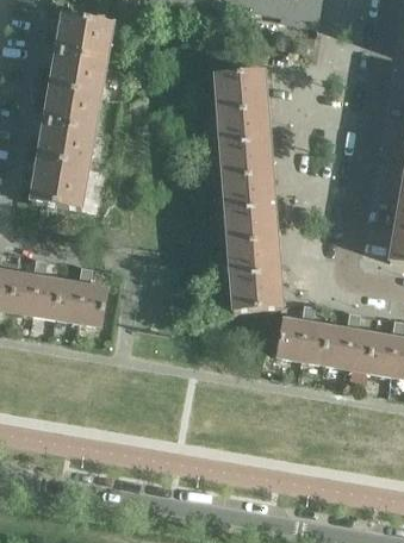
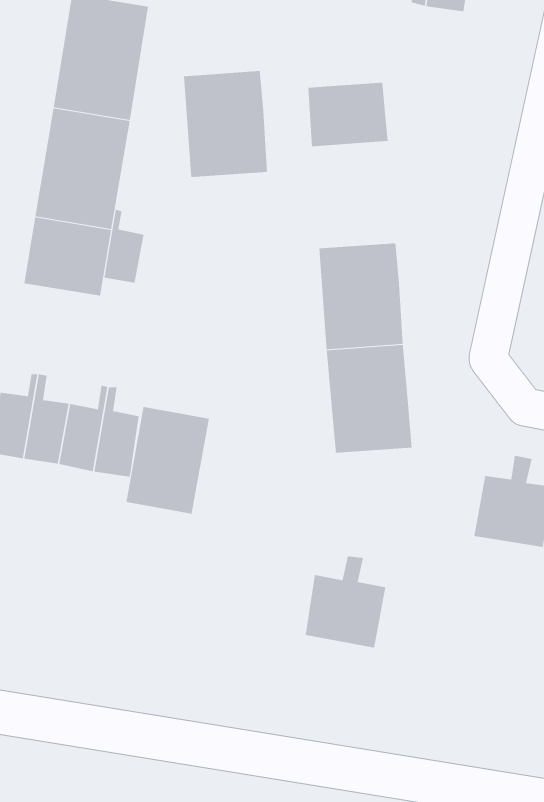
building: [217,108,272,177] -> [183,70,268,178]
building: none -> [104,209,144,284]
building: none -> [126,406,209,514]
building: [276,304,329,363] -> [305,556,386,648]

